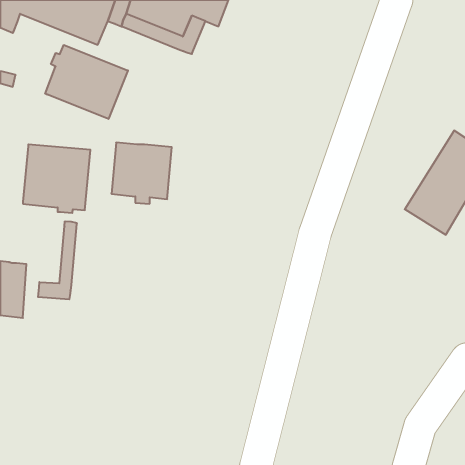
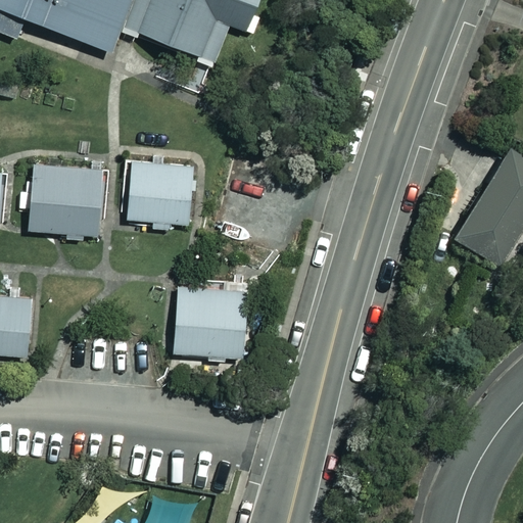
building: [45,45,128,119] -> none
building: [38,221,77,299] -> none
building: none -> [174,285,246,363]

